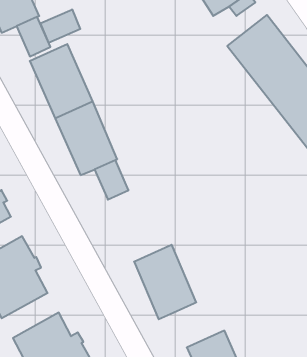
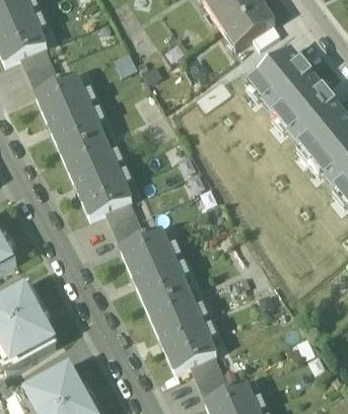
building: [41,9,80,43] -> none
building: none -> [121,228,189,308]
building: none -> [191,353,227,396]

